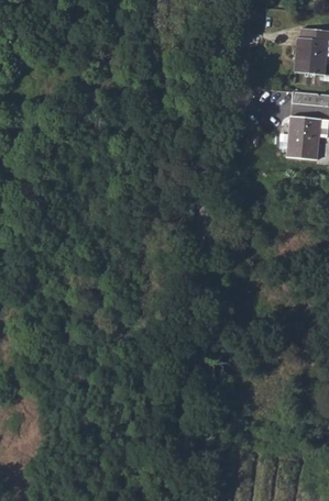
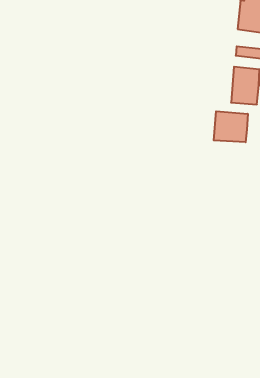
building: none -> [214,111,248,142]

